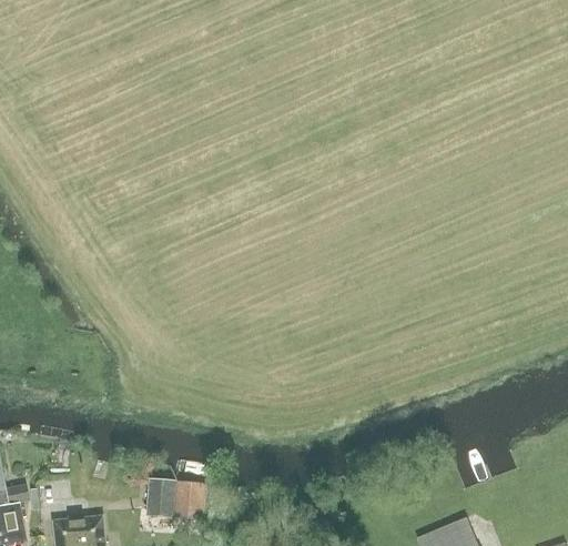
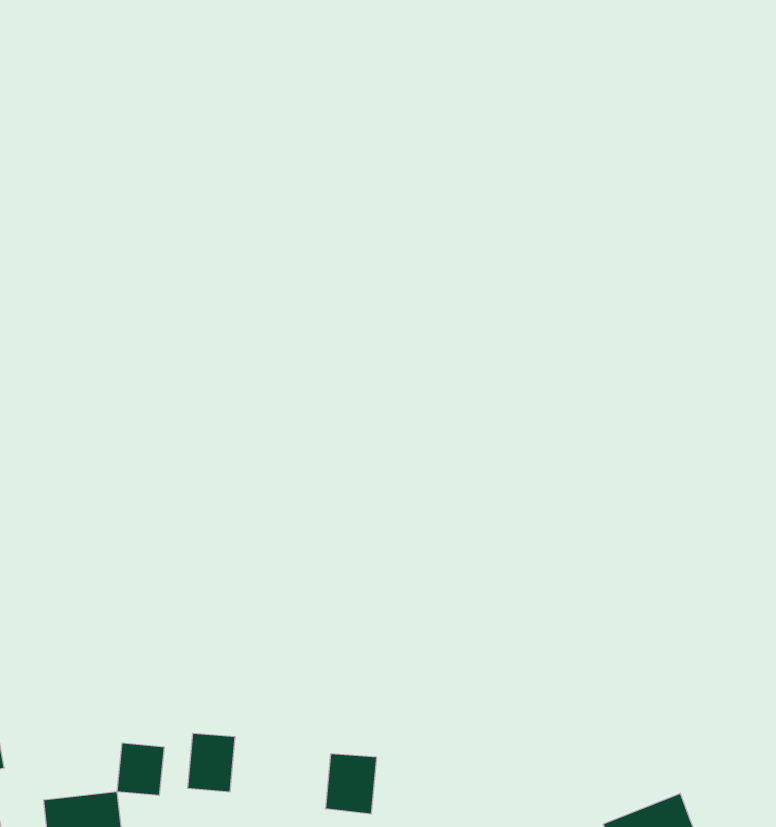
building: [174,482,207,520] -> [325,754,377,814]
building: none -> [117,743,164,796]

